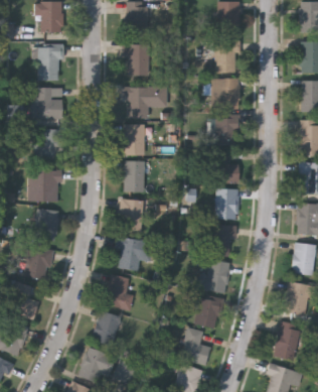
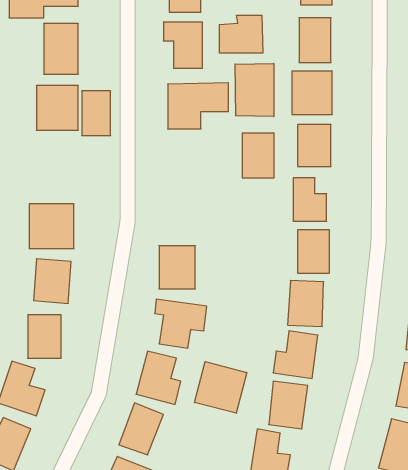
building: none -> [219,15,263,53]
building: none -> [235,63,274,117]
building: [123,124,145,155] -> [242,133,274,178]
building: [35,129,55,160] -> [82,91,111,136]
building: [123,160,144,191] -> none
building: none -> [195,362,247,413]

